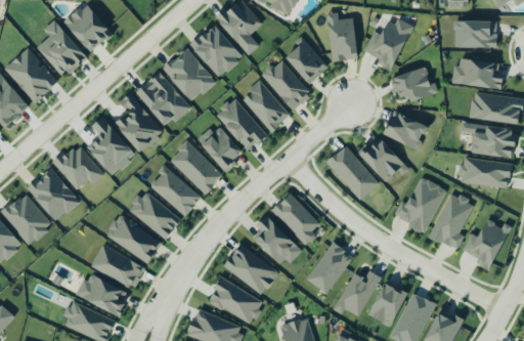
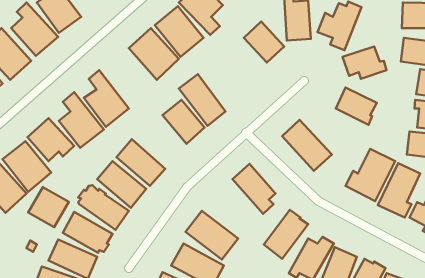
building: [262,59,312,111] -> none
building: [135,72,190,127] -> none
building: [242,81,291,132] -> none
building: [357,138,408,182] -> none
building: [169,141,222,194] -> none
building: [252,215,301,267] -> none
building: none -> [28,187,69,227]

